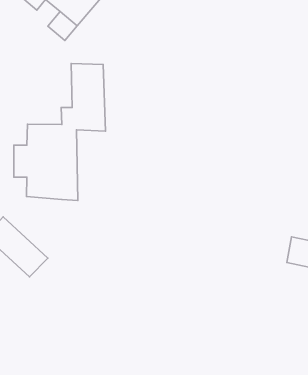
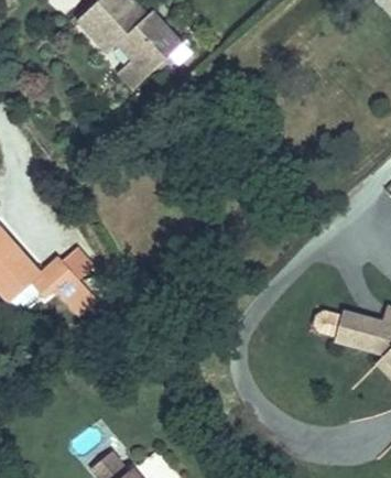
building: [14,64,105,201] -> none

